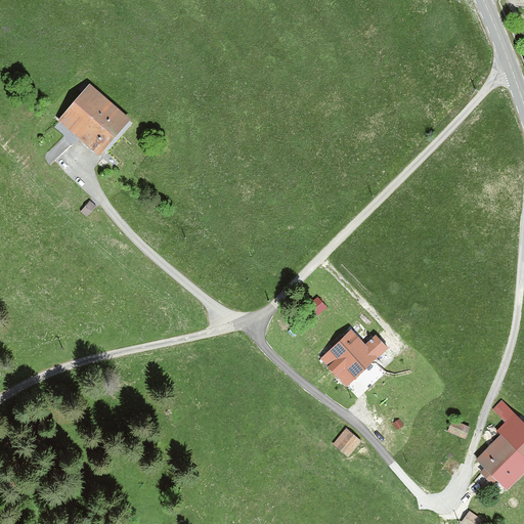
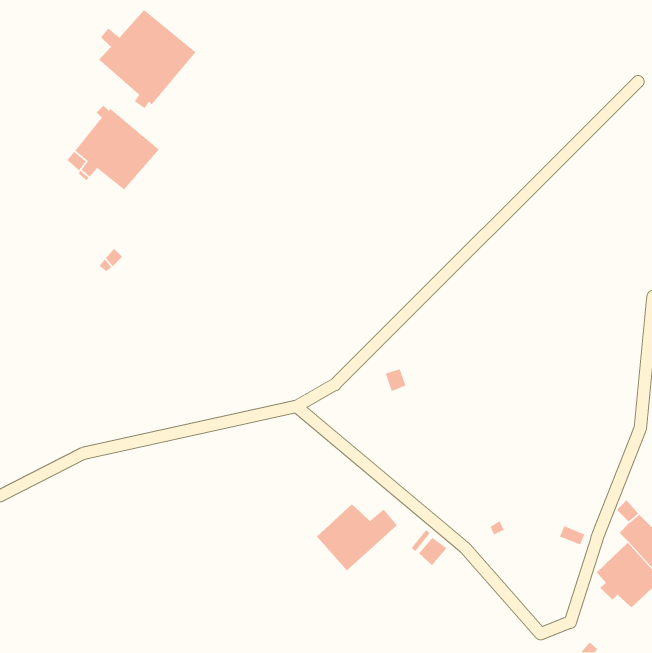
building: none -> [98,9,197,109]
building: [322,331,388,385] -> [316,503,398,571]

